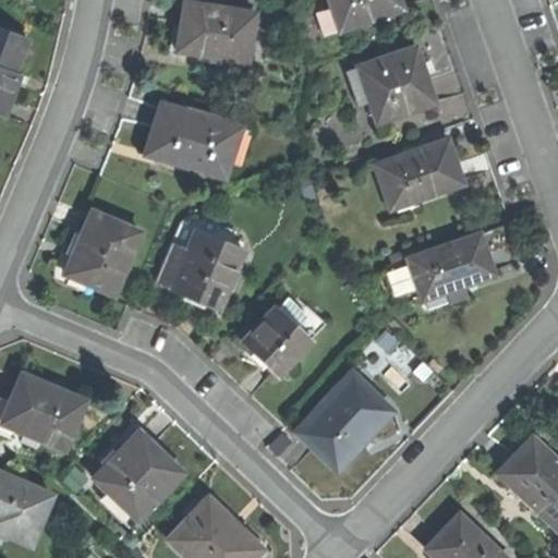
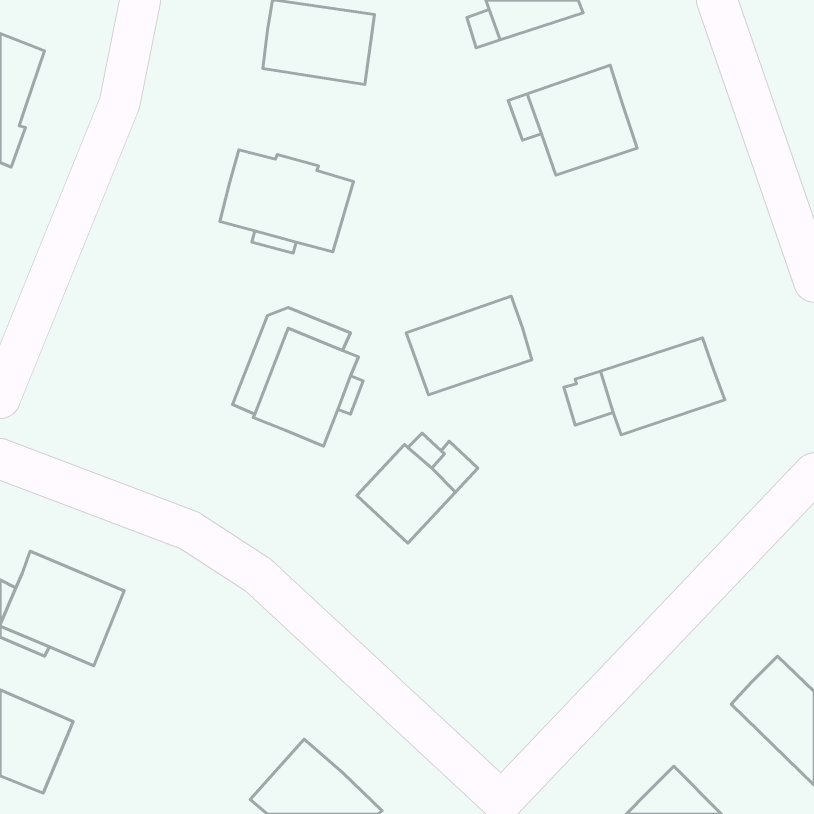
building: [377,138,463,206] -> [406,296,532,395]
building: [68,209,143,291] -> none
building: [299,372,392,465] -> none
building: [93,437,181,525] -> none

